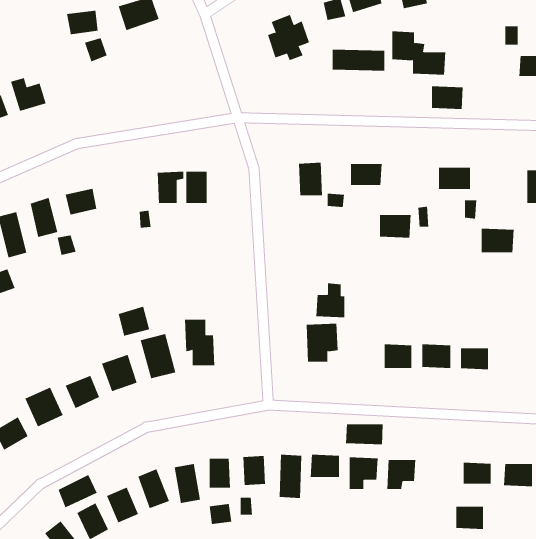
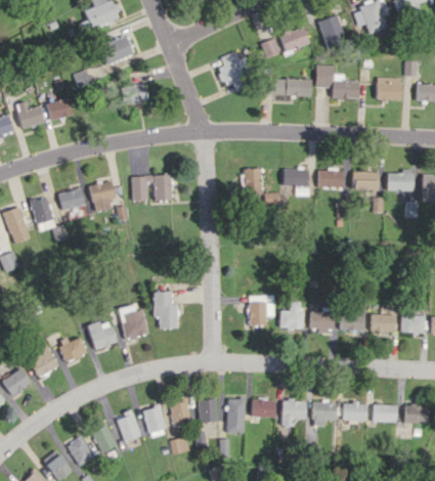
building: [66,10,99,35] -> [47,99,73,119]
building: none -> [122,84,148,103]
building: [431,86,464,109] -> [377,82,402,100]
building: none -> [91,182,115,210]
building: [379,215,411,238] -> [318,170,344,188]
building: [481,228,514,253] -> [388,171,415,190]
building: [315,283,345,318] -> [279,301,303,329]
building: [118,306,150,336] -> none
building: none -> [400,315,424,333]
building: [346,423,383,445] -> none
building: [58,474,97,508] -> none
building: [455,506,484,530] -> [343,402,365,421]

